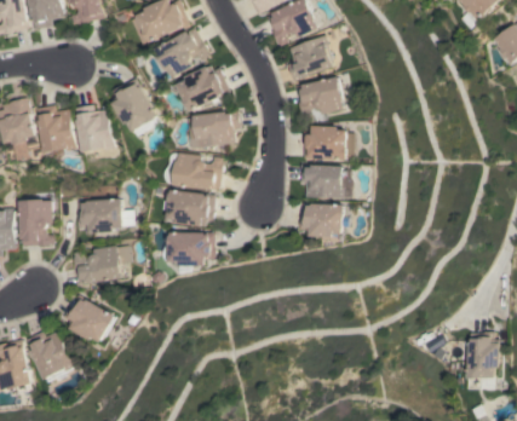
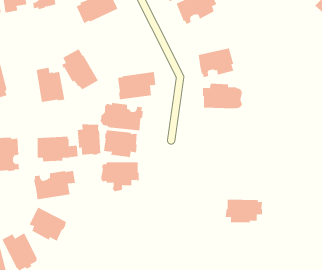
building: [153,28,207,77] -> none
building: [287,35,337,82] -> none
building: [176,65,229,111] -> none
building: [36,104,76,157] -> none
building: [299,165,356,200] -> none
building: none -> [77,123,101,156]
building: [300,204,352,237] -> [225,199,263,223]

